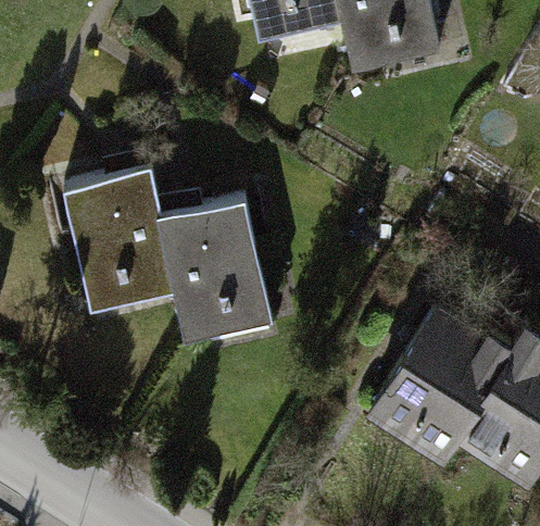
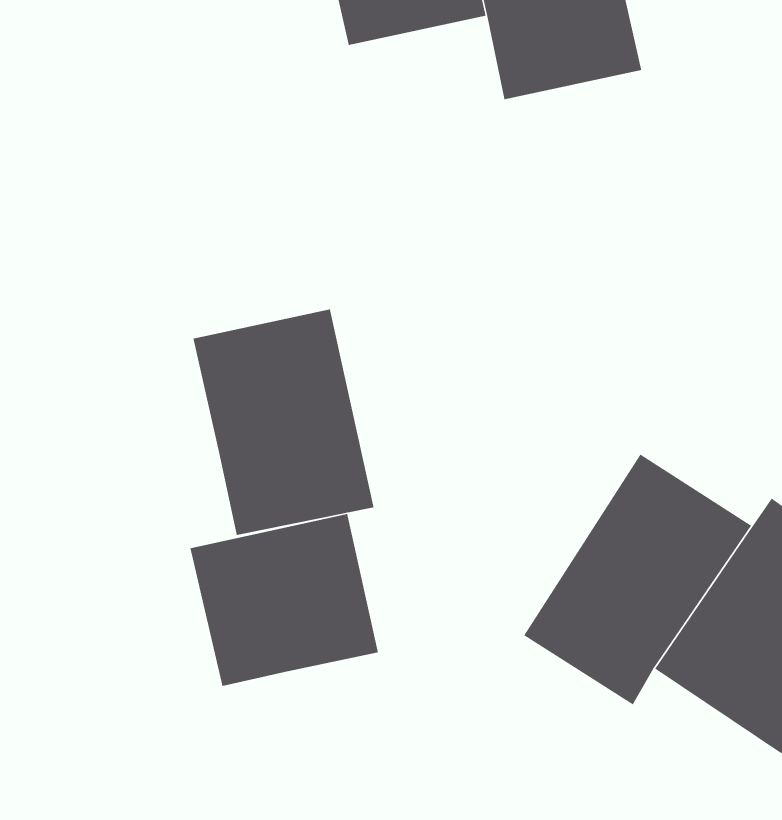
building: [64,168,177,310] -> none
building: none -> [189,513,379,687]

